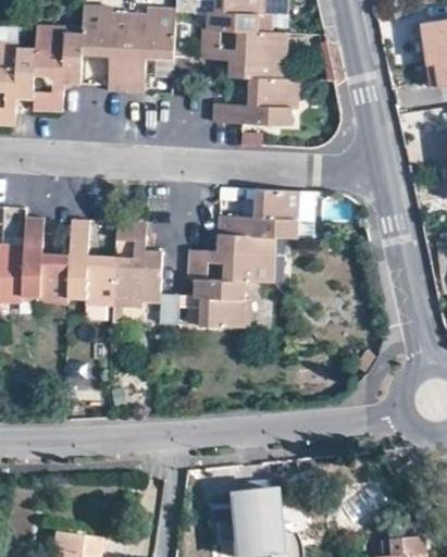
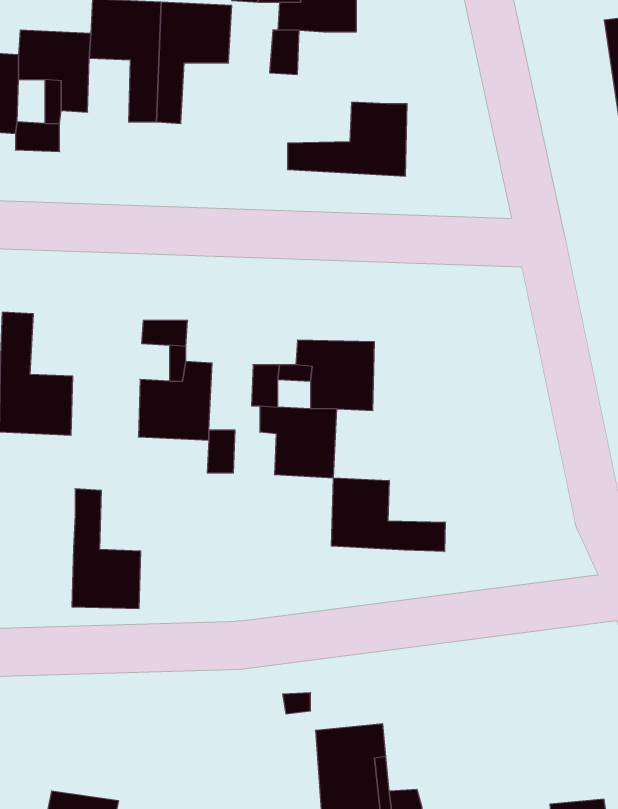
building: [227,30,281,78] -> none
building: [219,188,298,237] -> none
building: [69,220,114,299] -> [72,489,141,608]
building: none -> [331,478,445,552]

